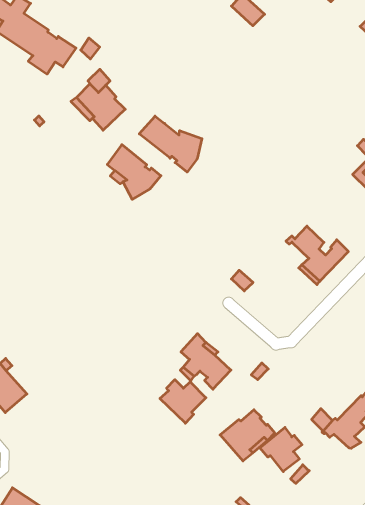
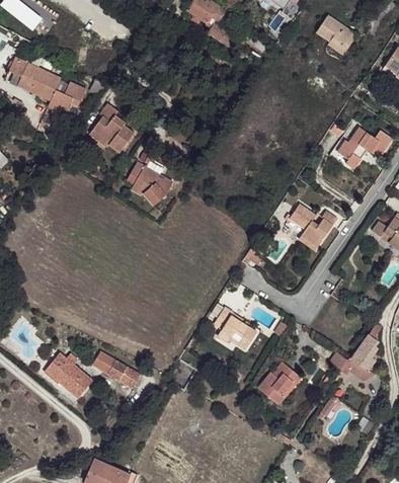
building: [139,116,202,172] -> none
building: none -> [93,351,141,388]
building: [160,380,206,423] -> none
building: [260,427,302,472] -> none

